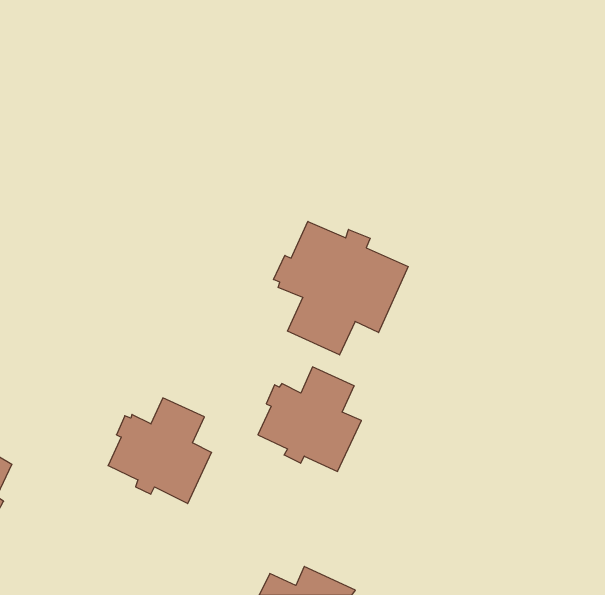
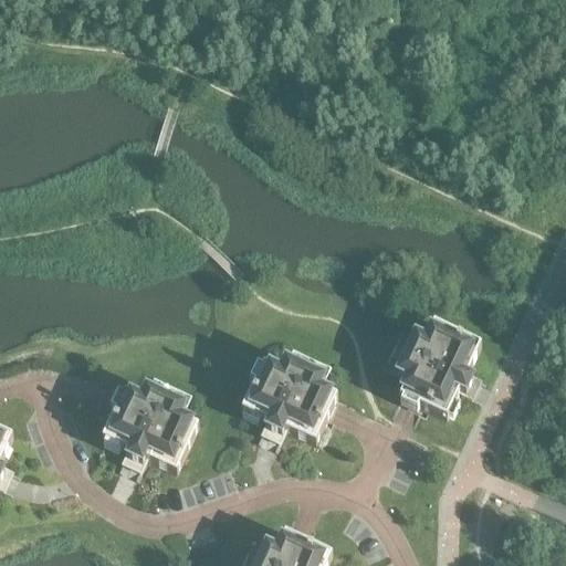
building: [274,221,408,355] -> none
building: none -> [381,317,480,415]

